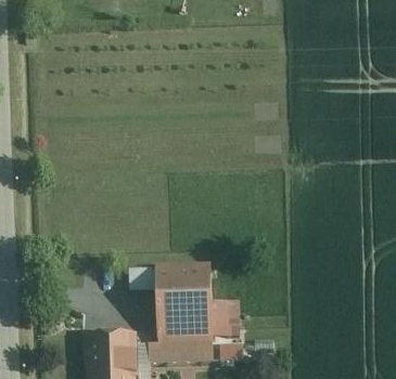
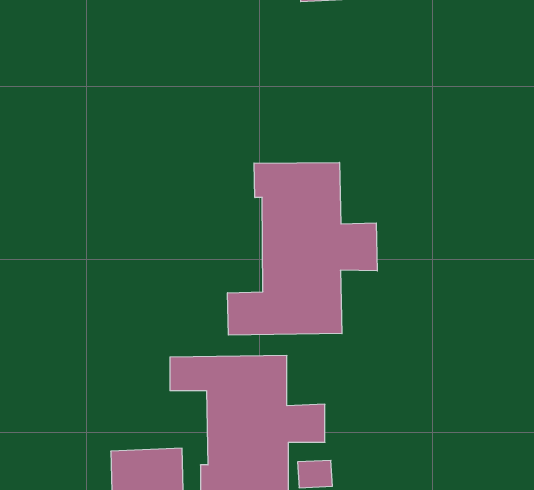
building: none -> [228,162,377,335]

